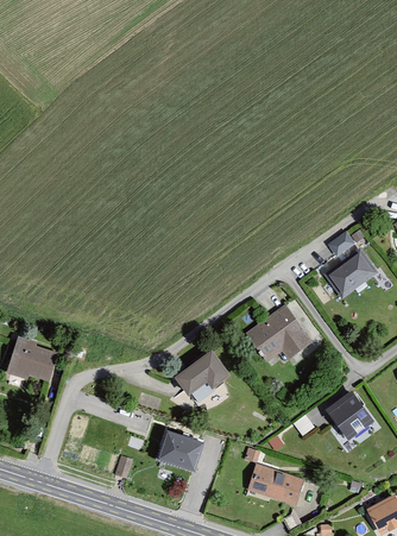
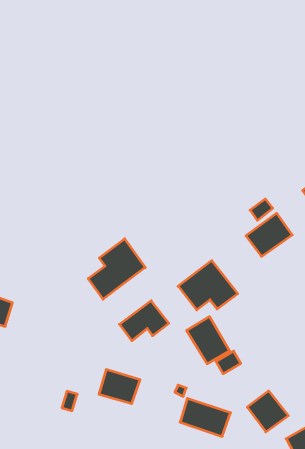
building: none -> [88,239,145,299]
building: none -> [187,317,230,364]
building: [329,392,377,440] -> [247,391,288,432]

